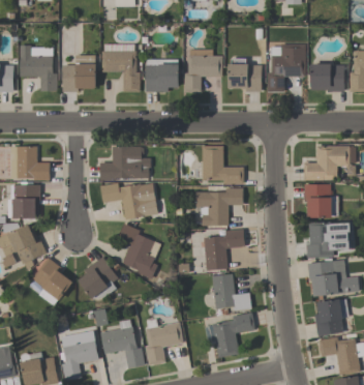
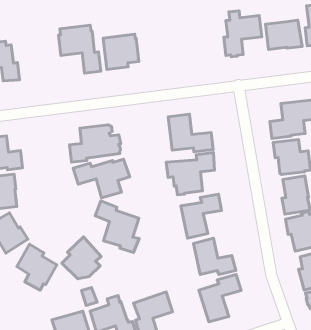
building: [184,50,222,92] -> none
building: [62,55,96,92] -> none
building: [228,59,262,91] -> none

